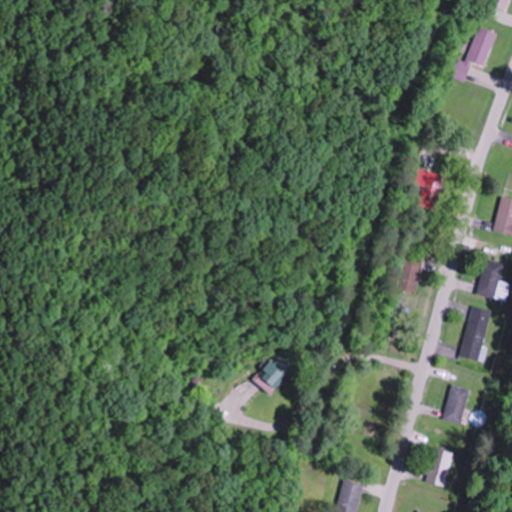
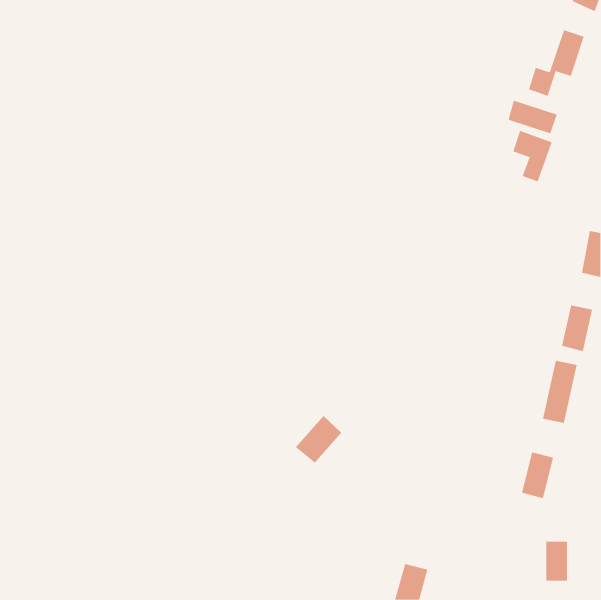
building: none -> [508,100,557,134]
building: [411,166,445,210] -> [512,130,552,182]
building: [396,253,423,293] -> none
building: [430,450,449,484] -> [546,541,568,581]

